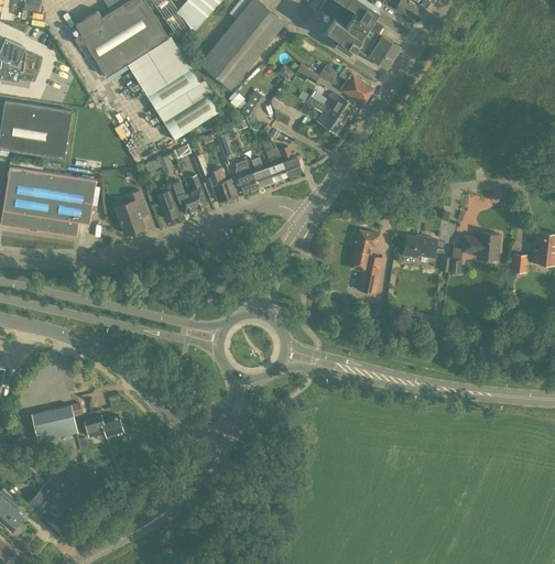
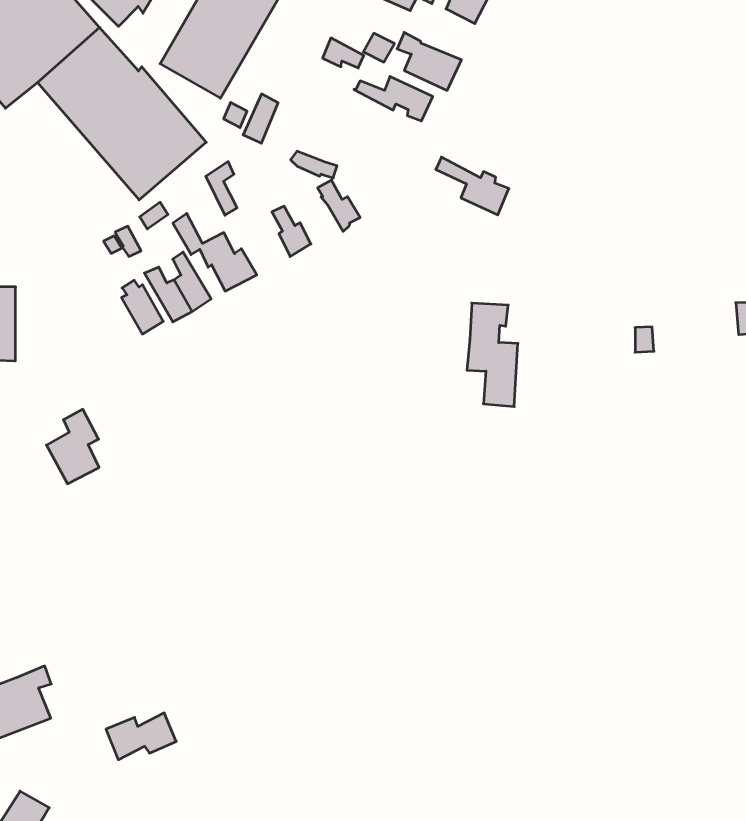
building: [305,96,346,134] -> [436,157,509,215]
building: [262,141,291,182] -> none
building: [235,160,258,192] -> none
building: [116,192,146,234] -> [46,409,99,484]
building: [461,232,499,259] -> none
building: [404,236,436,257] -> none
building: [84,415,123,438] -> [106,713,176,760]

